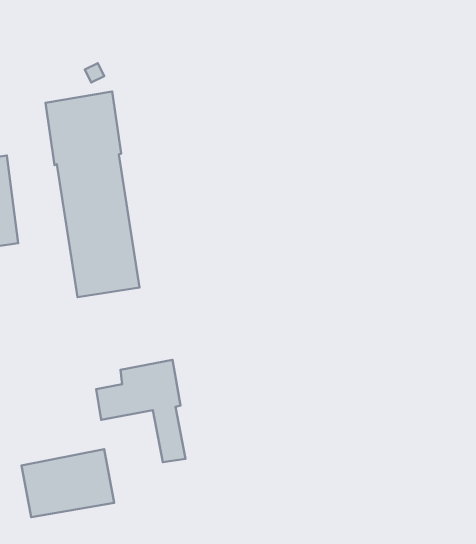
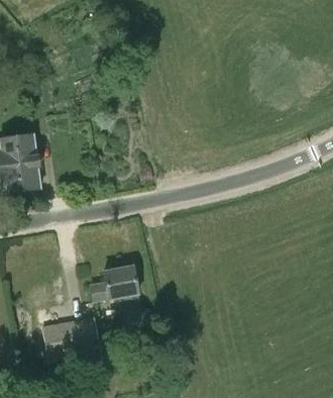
building: [45,91,139,297] -> none

